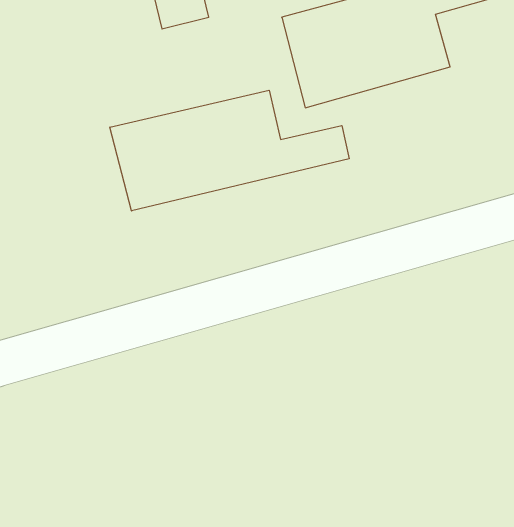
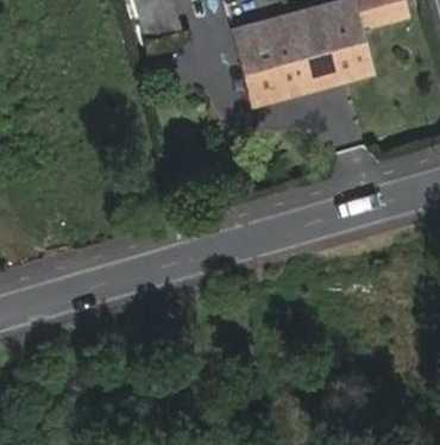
building: [110,90,349,211] -> none

